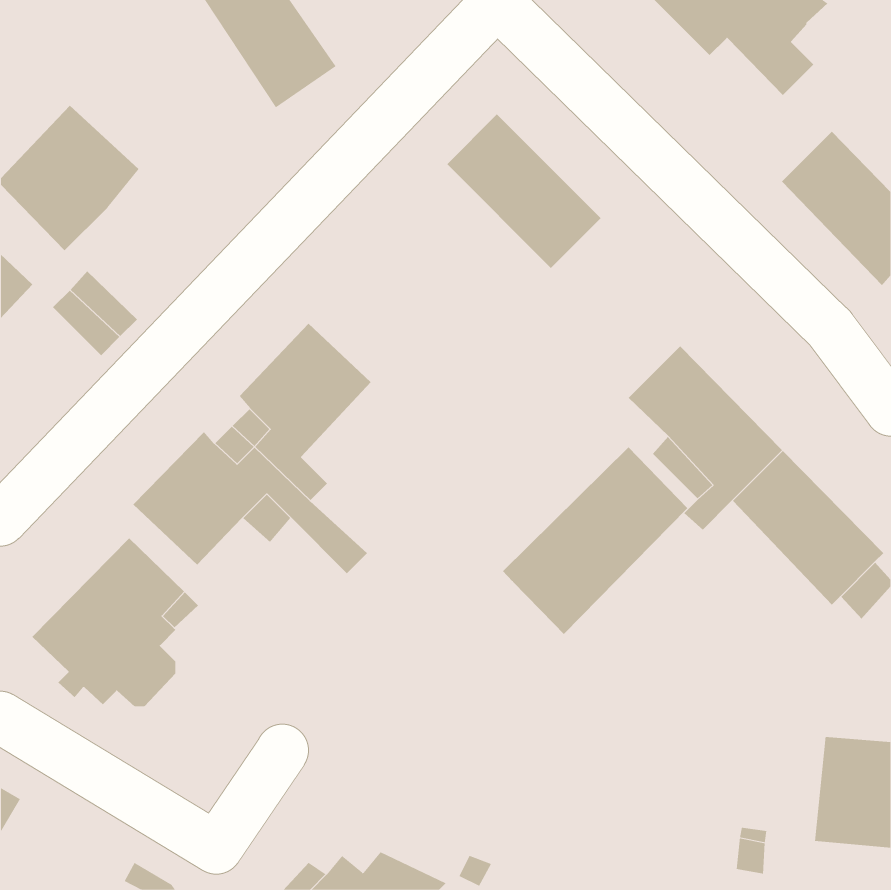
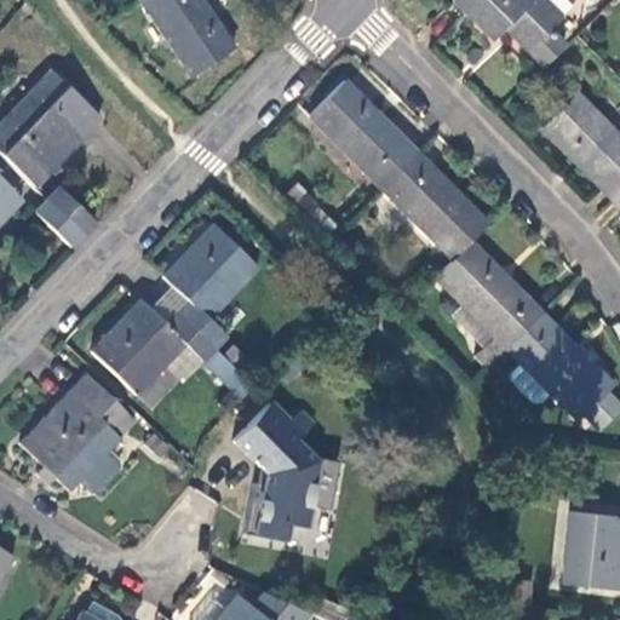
building: none -> [383,151,489,258]
building: [502,446,688,635] -> none
building: none -> [235,402,339,539]

